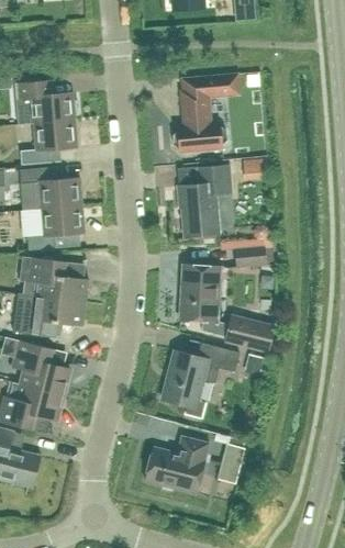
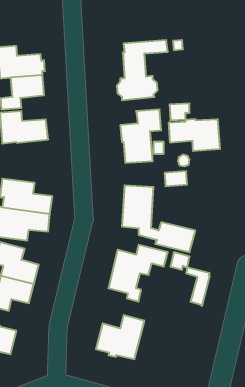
building: none -> [169,119,220,151]
building: [27,204,85,249] -> none
building: [213,432,244,482] -> [186,267,210,306]

